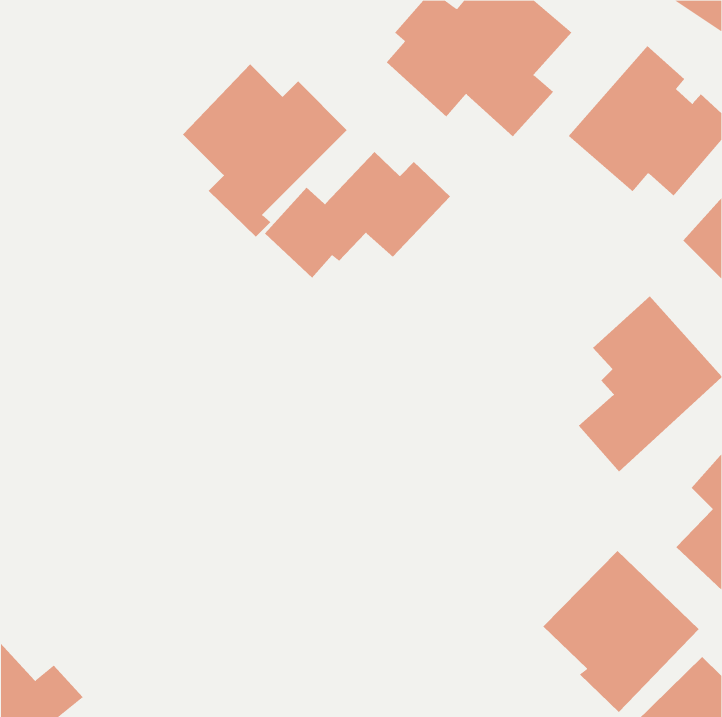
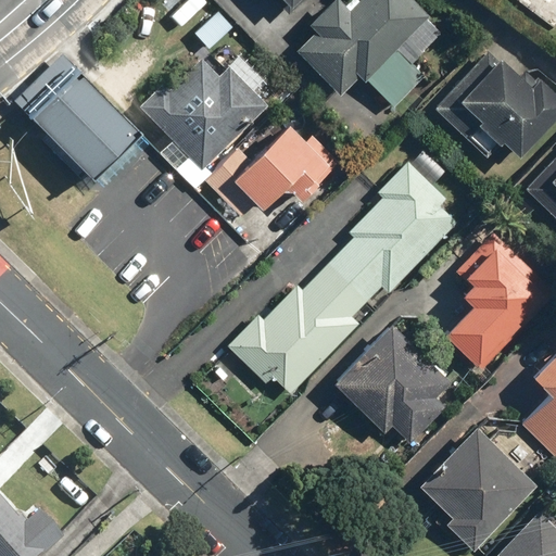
building: none -> [22,65,138,180]
building: none -> [227,152,454,395]
building: none -> [334,324,453,445]

